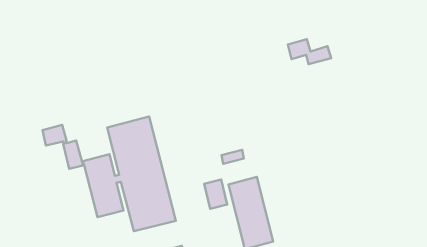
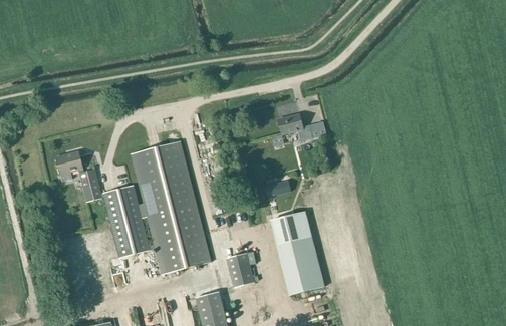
building: [288,39,331,64] -> [277,112,327,141]
building: [204,179,227,209] -> [227,253,254,287]

